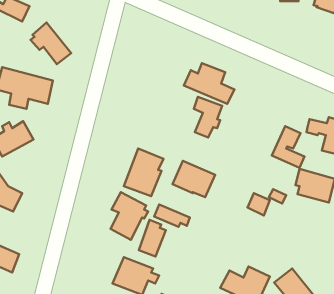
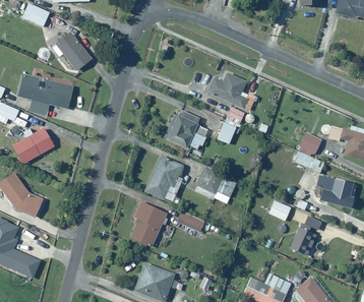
building: none -> [165,113,206,149]
building: none -> [289,224,321,258]
building: [139,220,166,257] -> none

